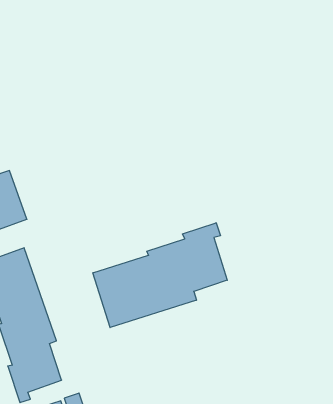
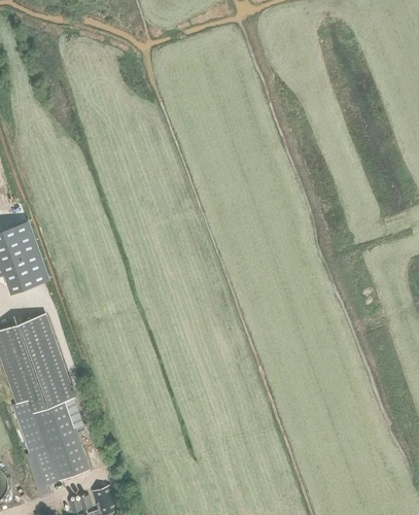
building: [93,223,227,328] -> none

